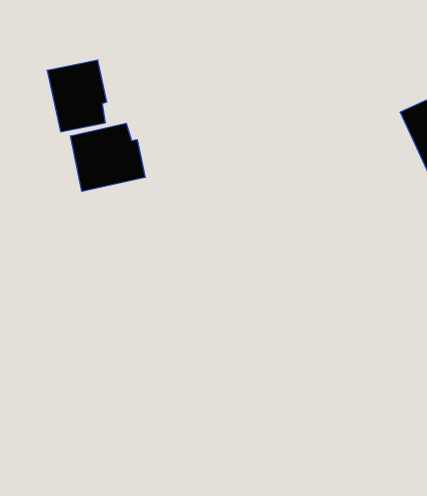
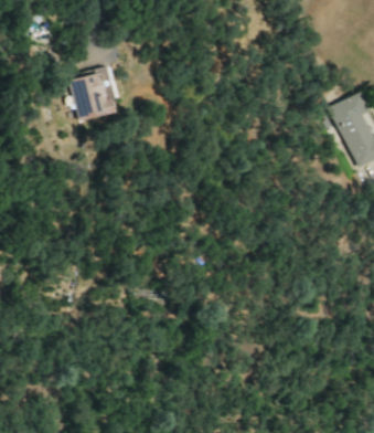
building: [70,123,145,191] -> none

